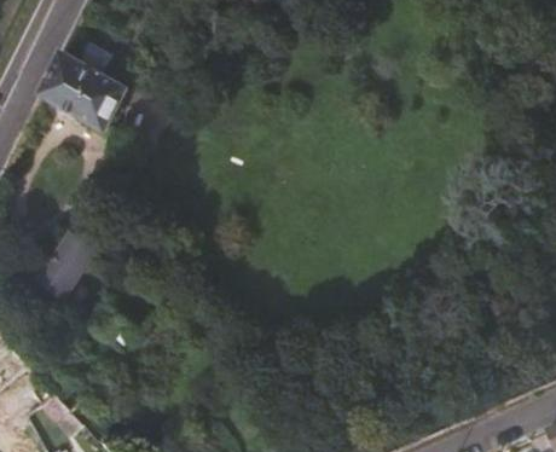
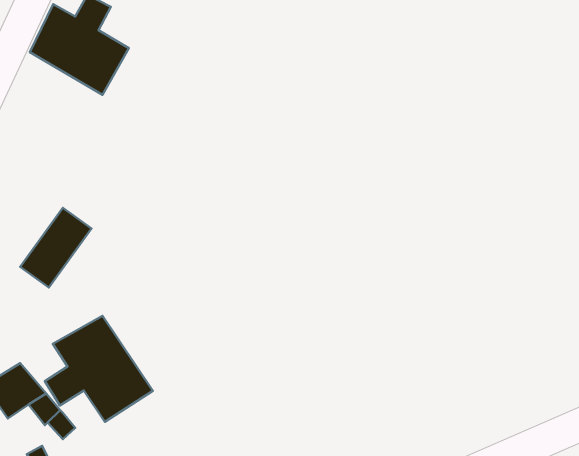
building: none -> [45,316,153,422]

